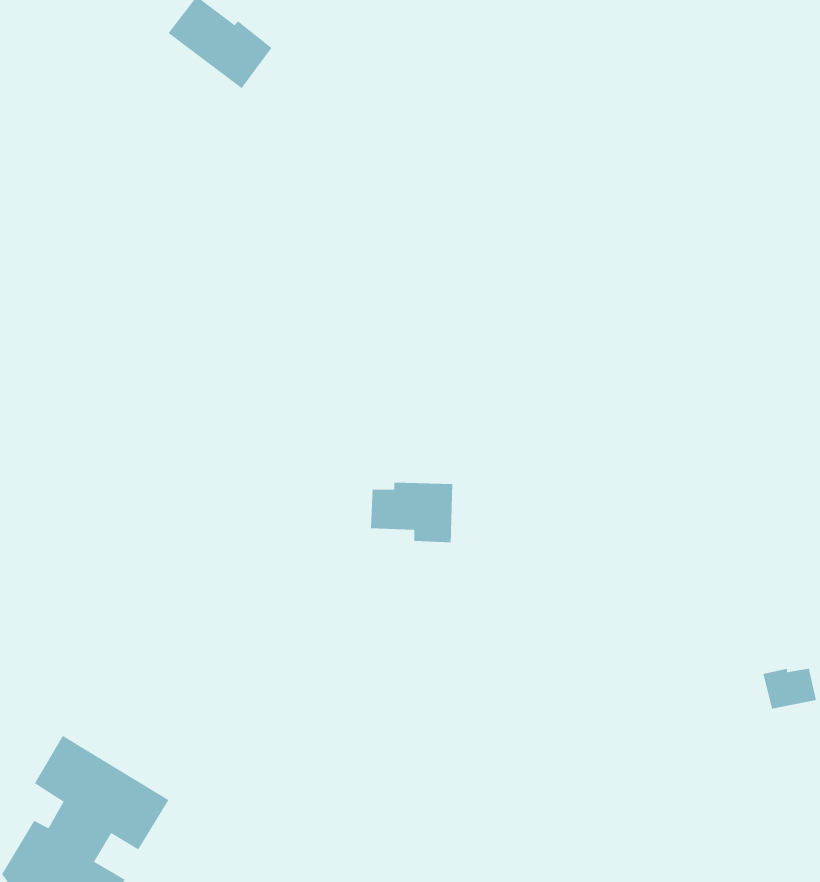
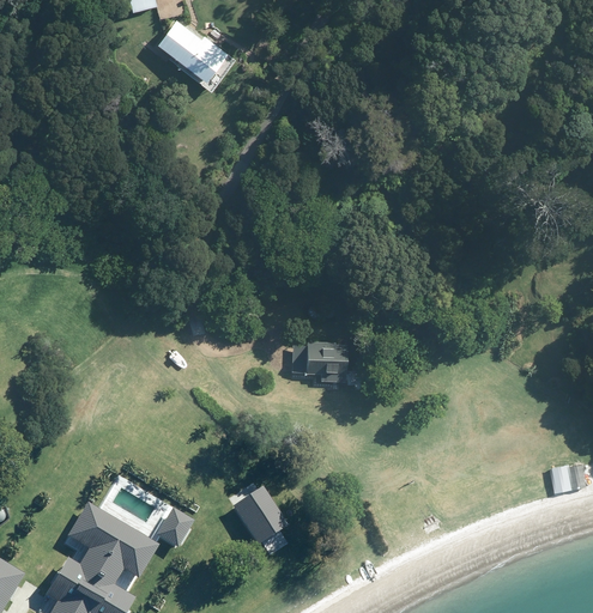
building: none -> [230,492,286,551]
building: none -> [155,512,190,552]

